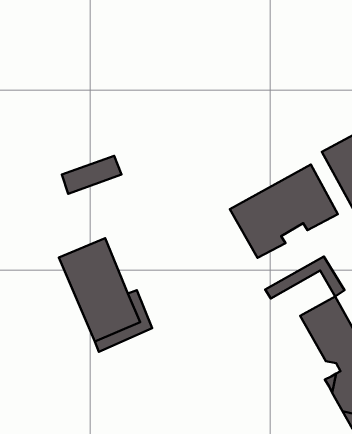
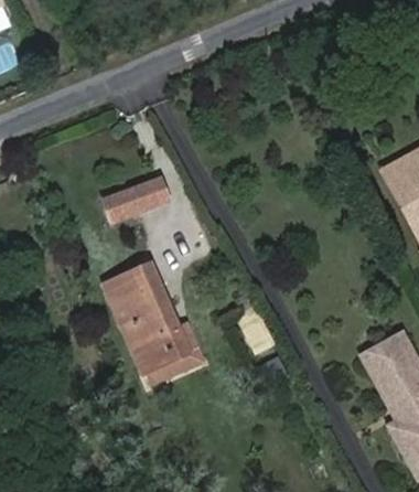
building: [230,165,338,258] -> none
building: [265,257,345,298] -> none

